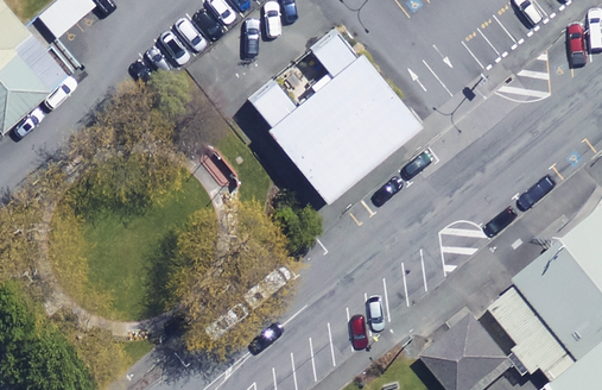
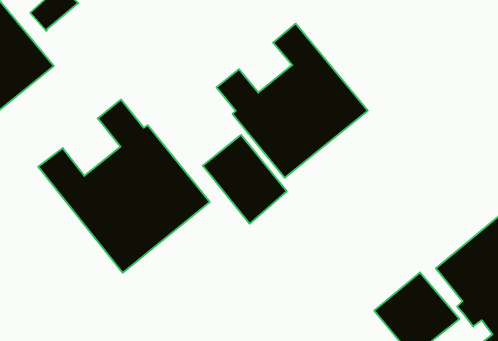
building: none -> [38,100,210,273]
building: none -> [203,135,287,224]

